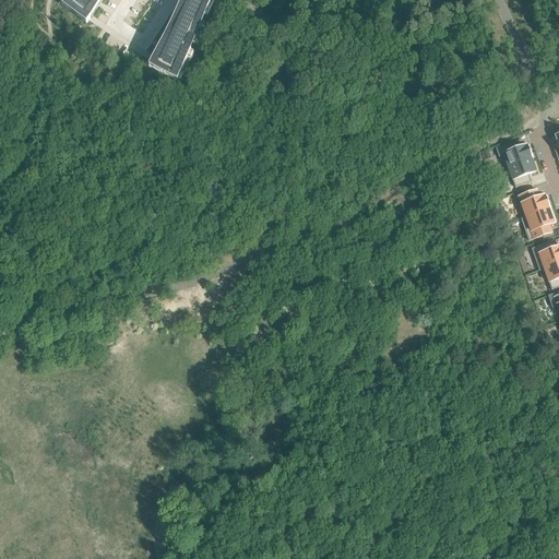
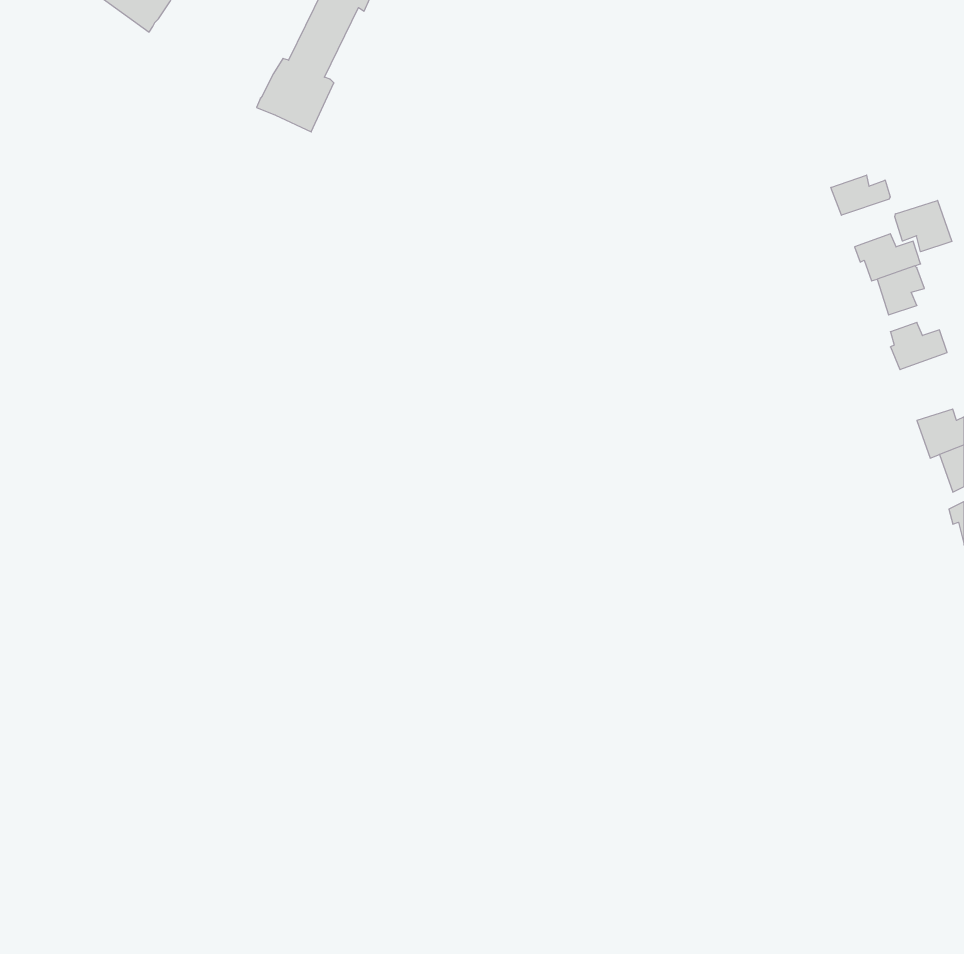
building: none -> [831,175,890,215]
building: none -> [895,200,952,252]
building: [518,204,554,237] -> none

